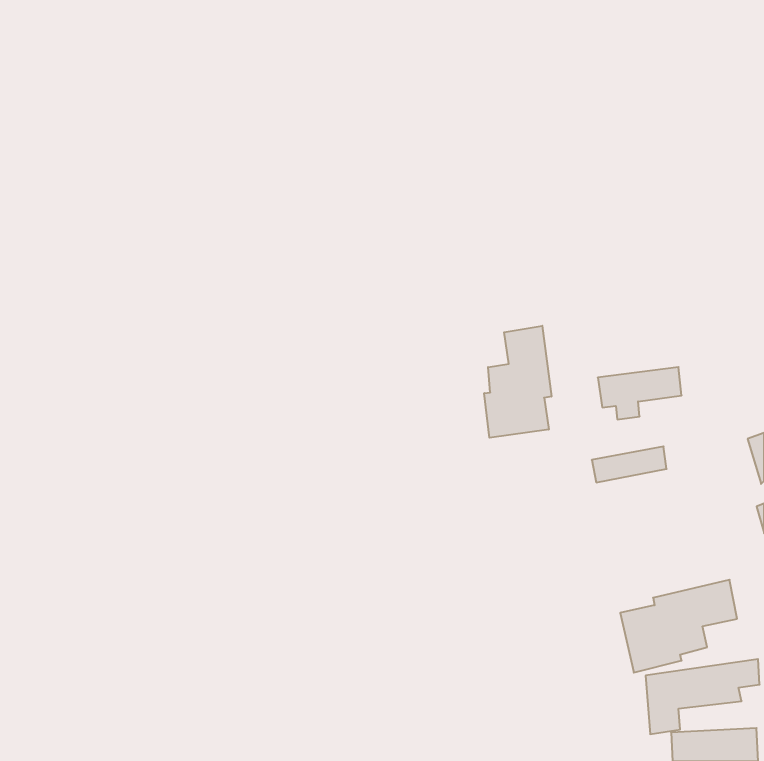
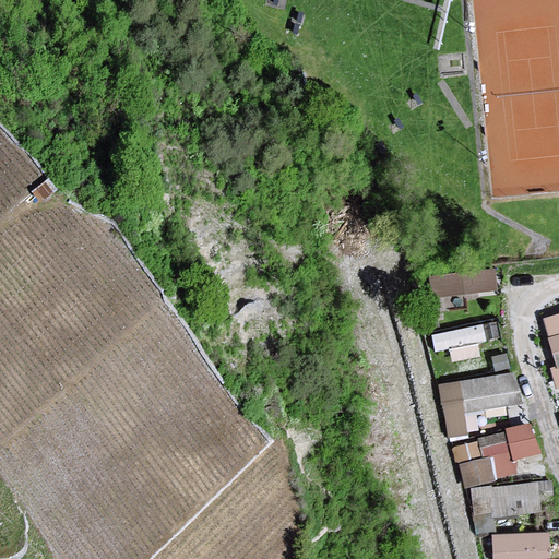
building: [484,326,551,438] -> none
building: none -> [440,371,521,437]

